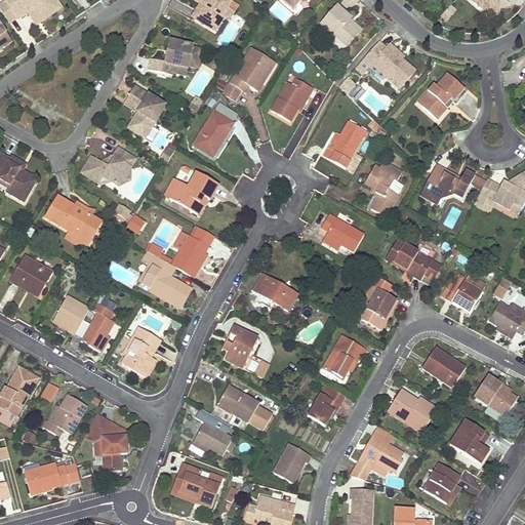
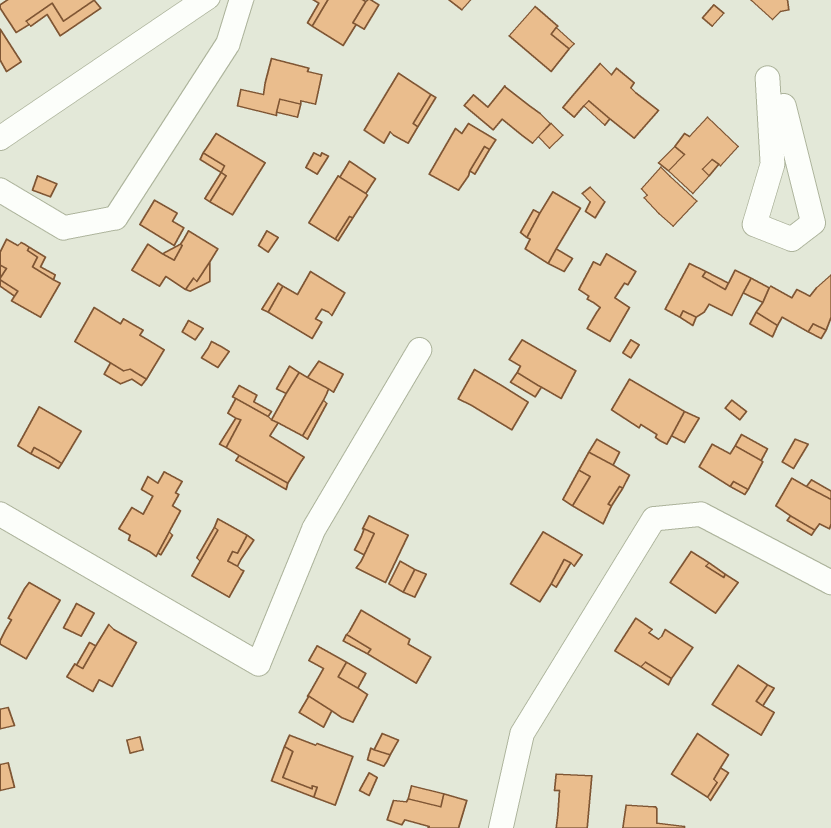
building: none -> [464,86,550,143]
building: none -> [641,167,697,226]
building: [253,273,297,311] -> [458,369,528,430]
building: [54,295,89,334] -> none
building: [474,374,517,416] -> none
building: [308,385,345,426] -> none
building: [102,423,126,471] -> none
building: [351,435,404,479] -> none
building: [274,443,311,482] -> none
building: [25,462,80,492] -> none

